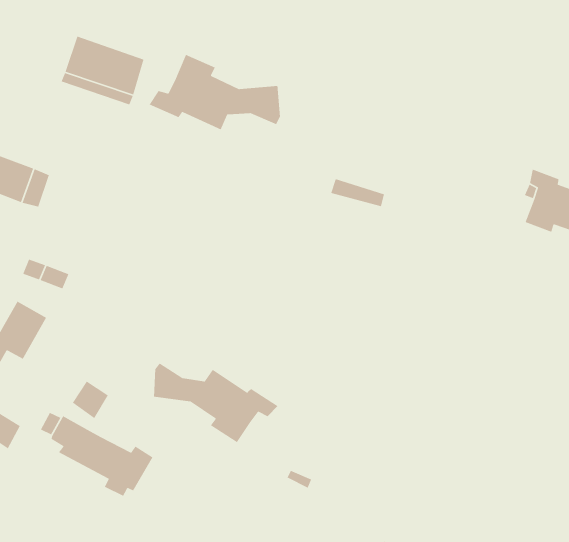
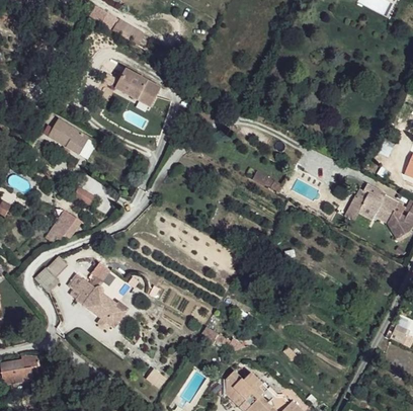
building: [148,54,281,130] -> none
building: [153,362,279,443] -> none

